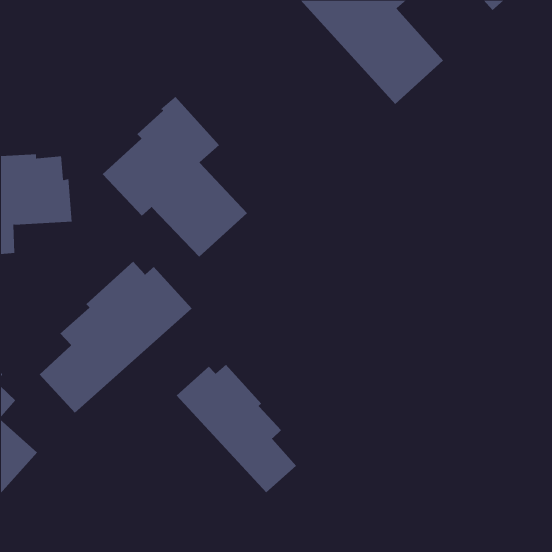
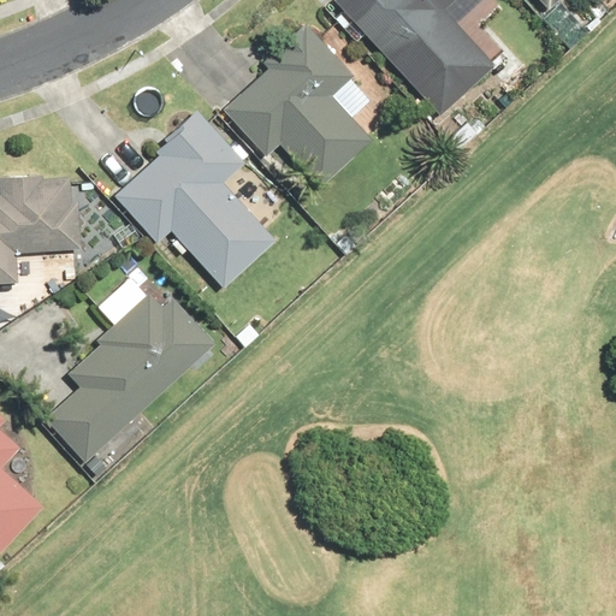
building: none -> [223,20,373,186]
building: [176,364,297,493] -> none

